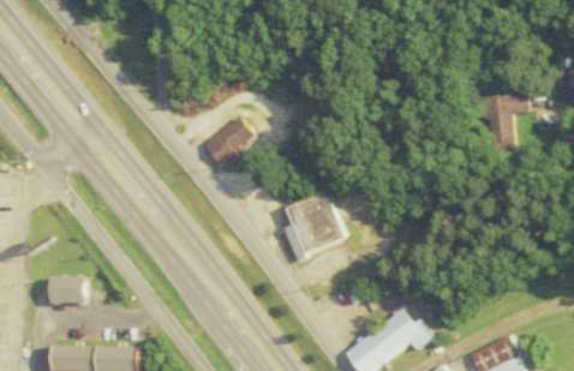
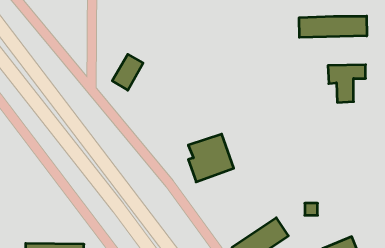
building: none -> [299,16,367,37]
building: [204,116,247,167] -> [112,54,143,90]
building: [54,276,88,304] -> none

